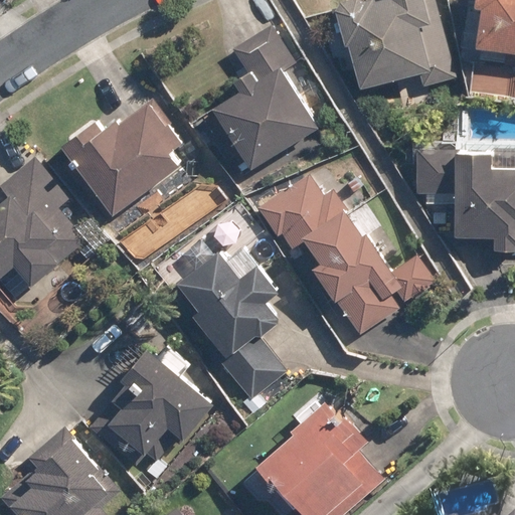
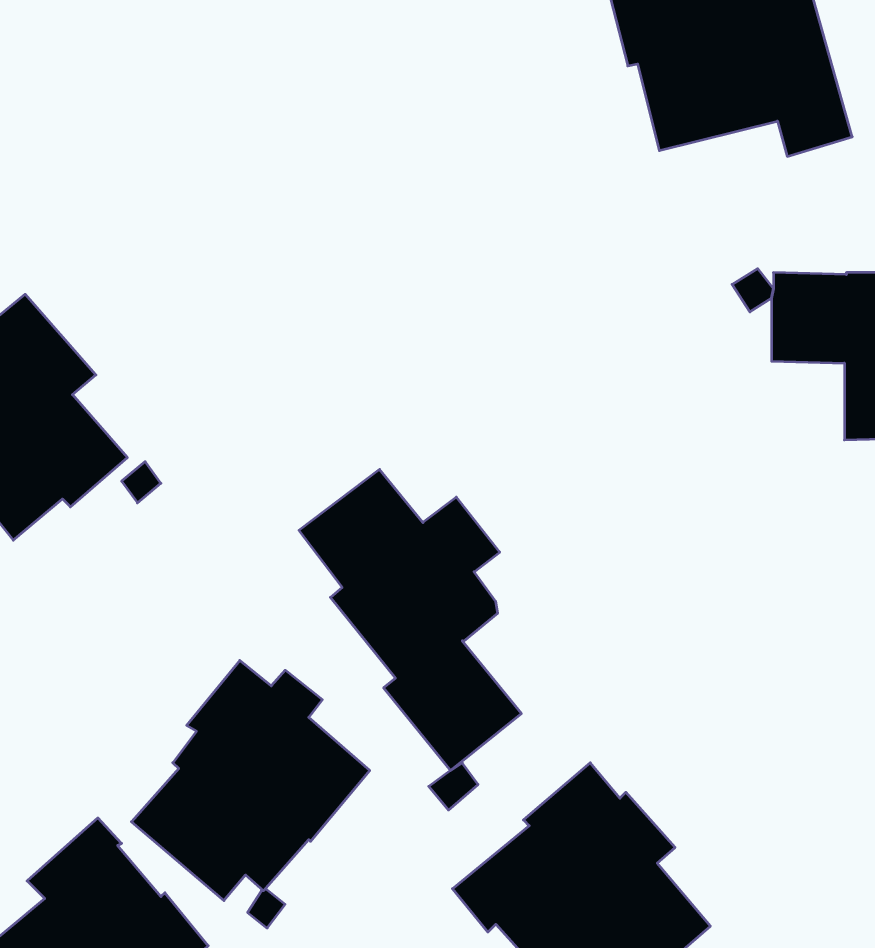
building: [209,27,316,169] -> none
building: [57,101,178,214] -> none
building: [258,176,436,338] -> none

